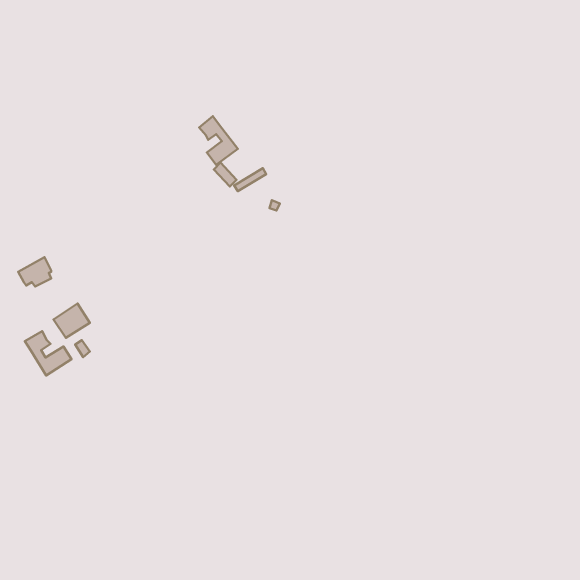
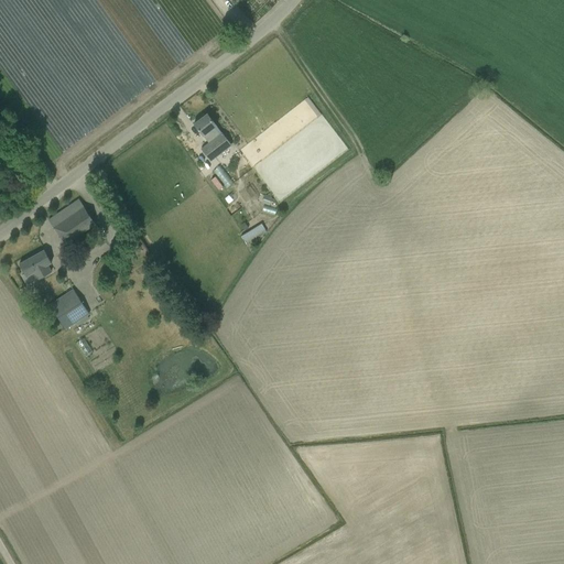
building: none -> [47,198,94,243]
building: [25,331,72,376] -> none

